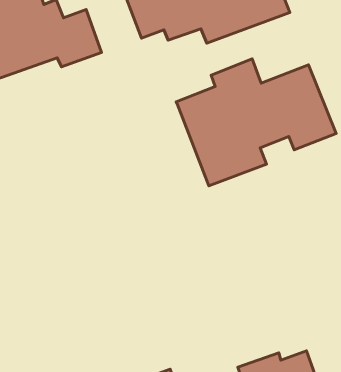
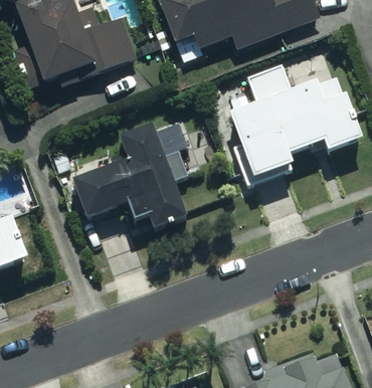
building: none -> [69,121,190,227]

